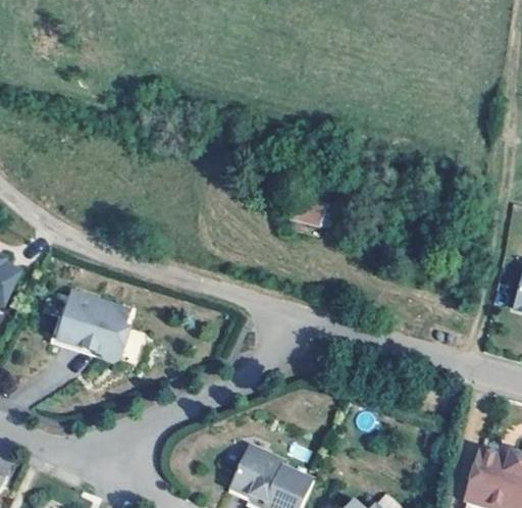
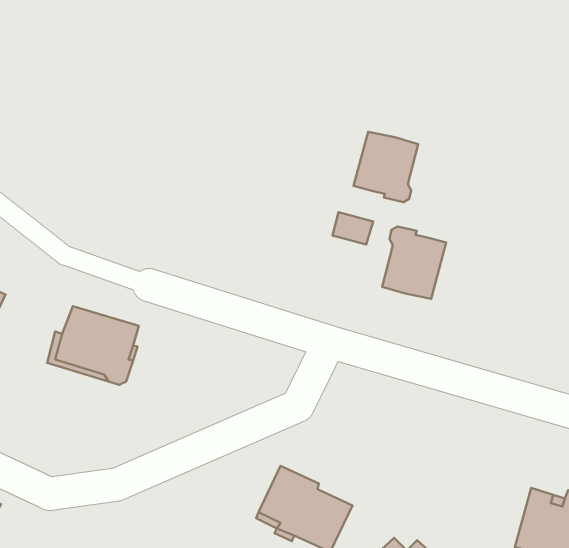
building: none -> [354,132,418,202]
building: none -> [382,226,446,299]

